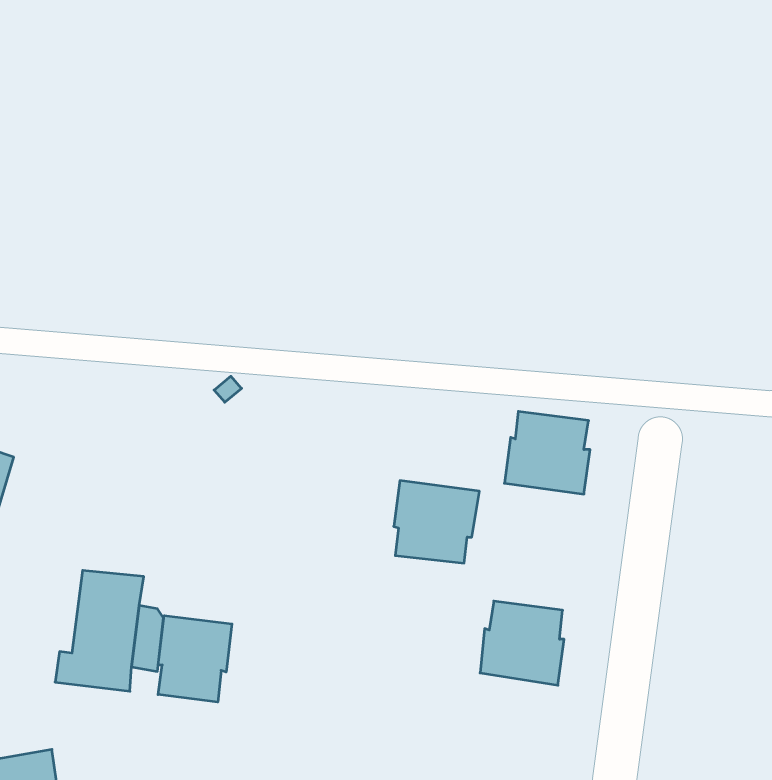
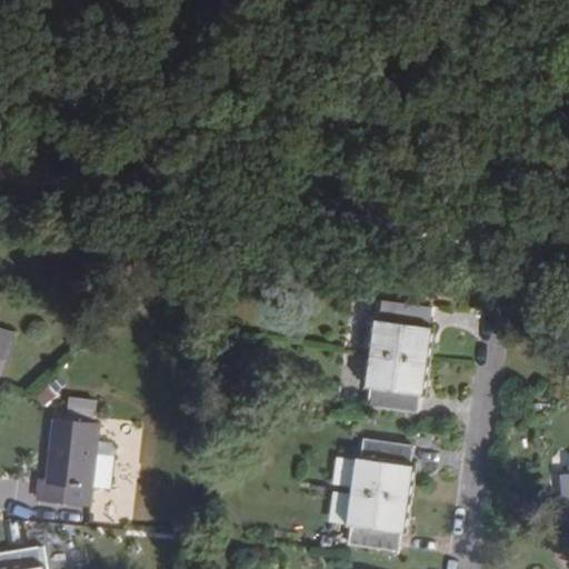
building: [394,481,479,563] -> [362,352,425,412]
building: [158,616,232,702] -> none
building: none -> [343,490,406,551]

